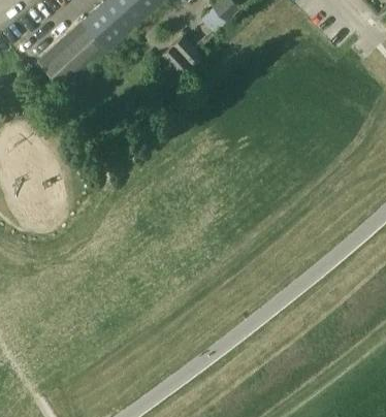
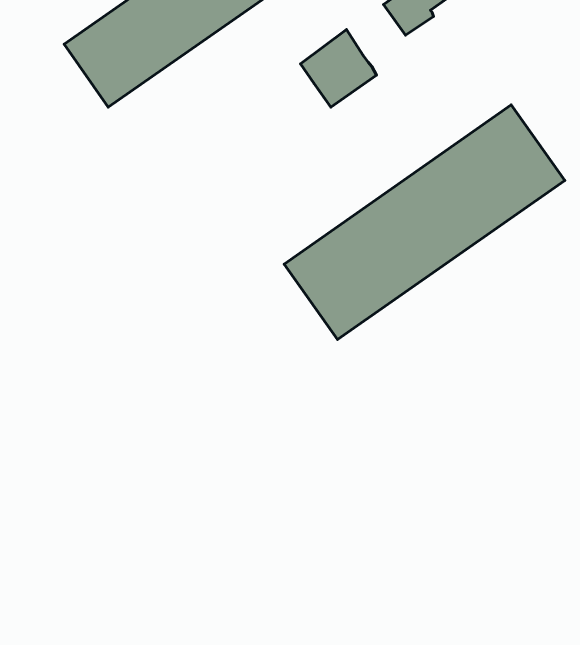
building: none -> [284,105,565,340]

